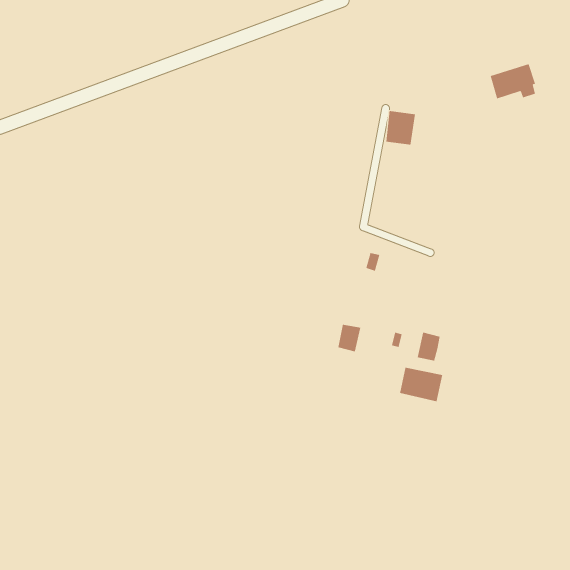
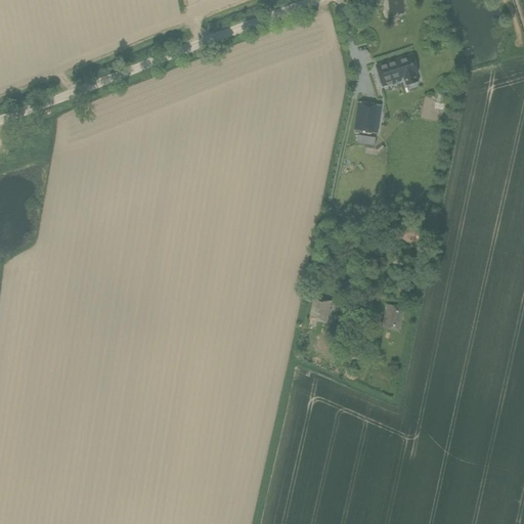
building: [490,64,536,99] -> [376,54,418,87]
building: [400,367,443,402] -> none

